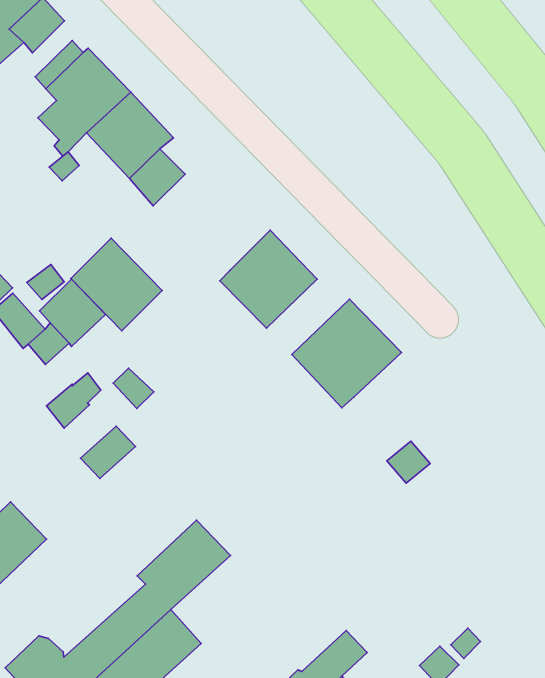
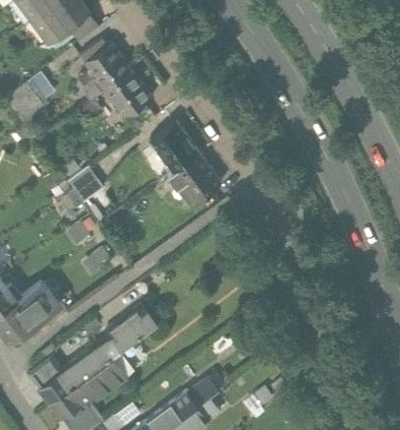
building: [71,238,162,331] -> [149,120,197,171]
building: [292,299,402,408] -> none

